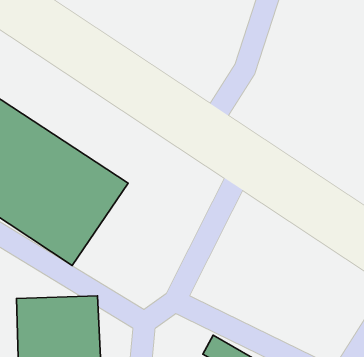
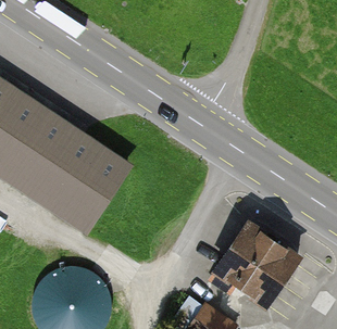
building: none -> [216,220,304,307]

